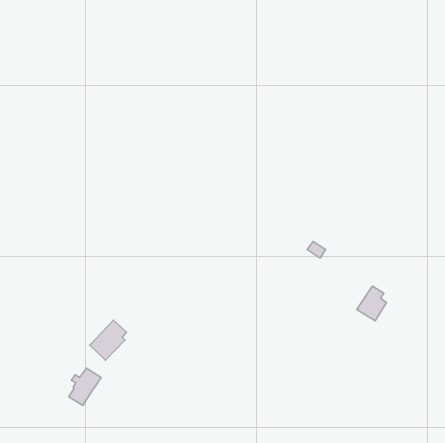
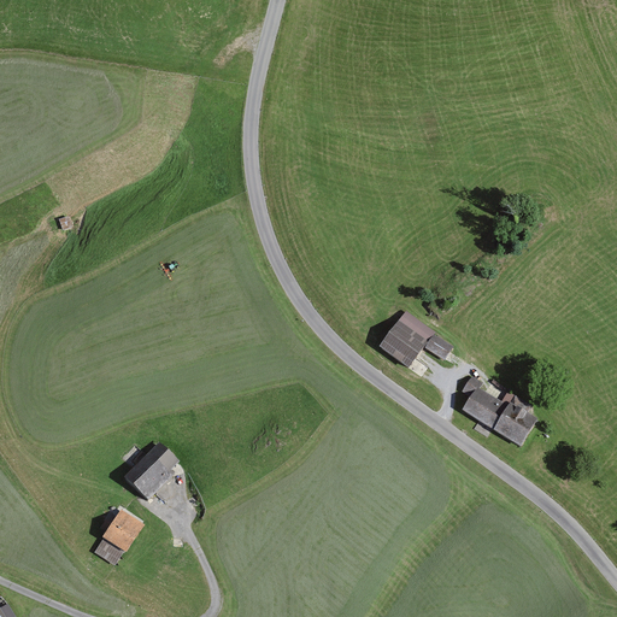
building: none -> [381,321,425,365]
building: none -> [462,375,509,428]

